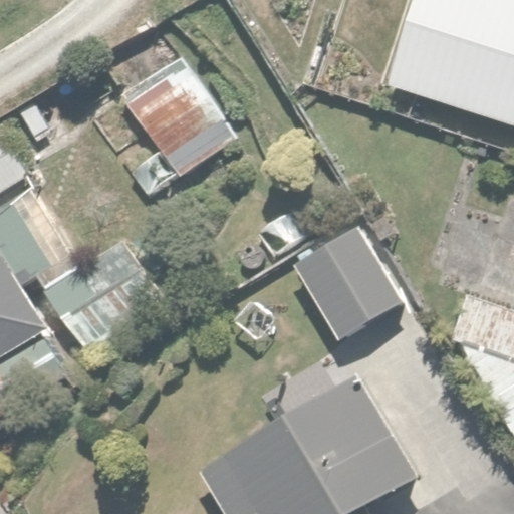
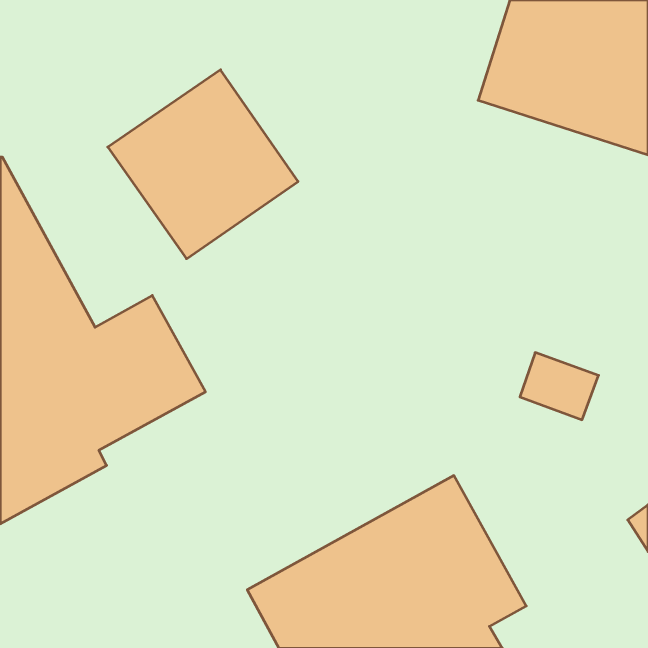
building: [288,217,400,332] -> none

